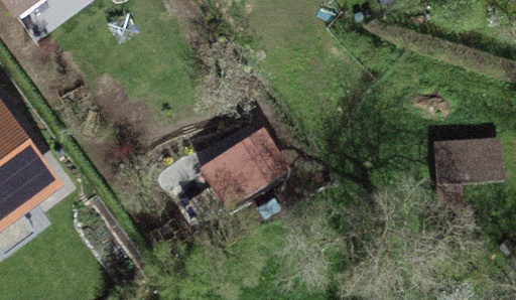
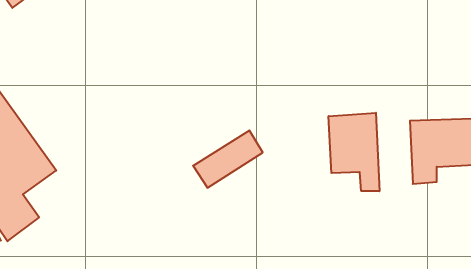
building: none -> [329,113,379,191]

